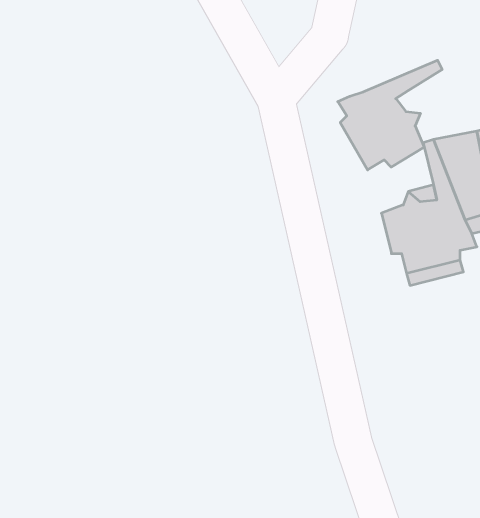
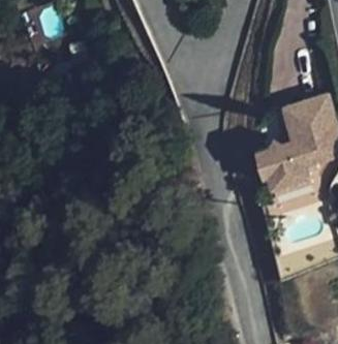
building: [338,60,442,170] -> none

